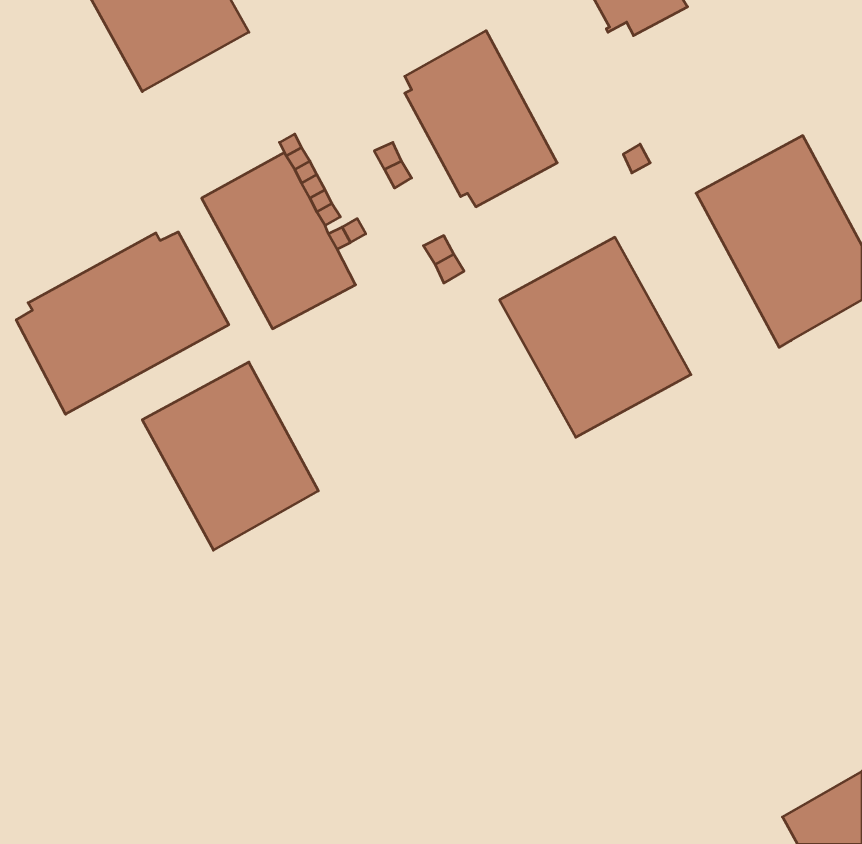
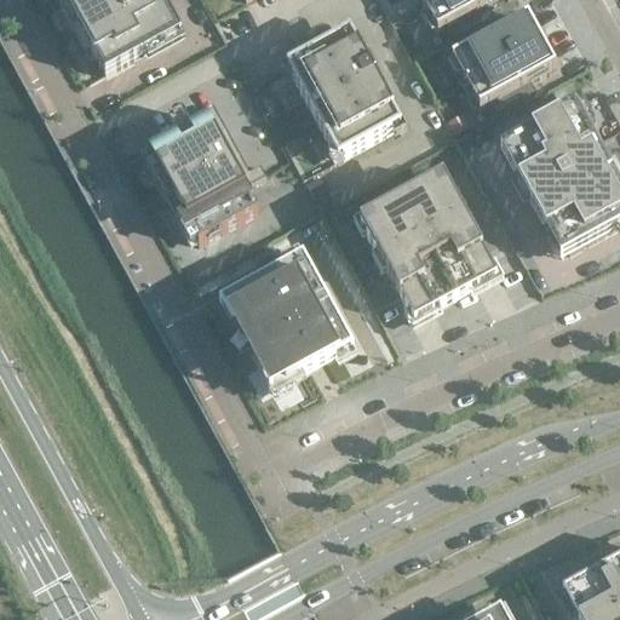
building: none -> [449,7,552,101]
building: [16,232,229,414] -> none
building: [142,362,318,550] -> [224,246,350,380]

